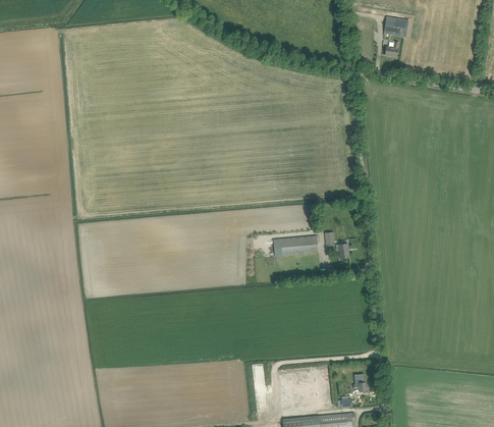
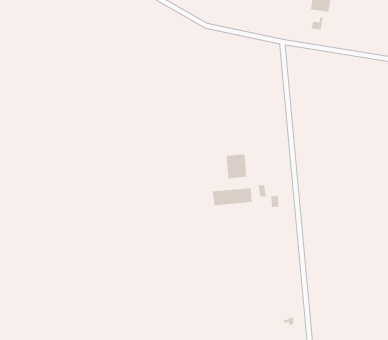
building: none -> [226,153,247,179]

